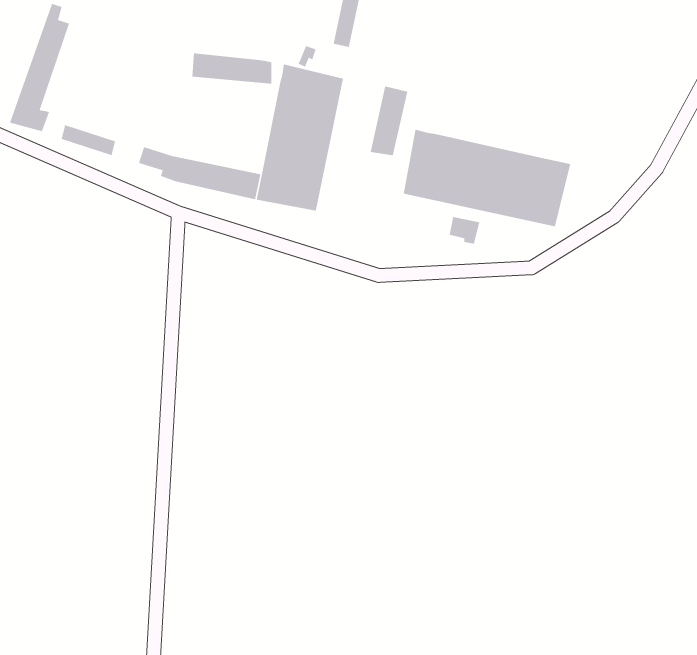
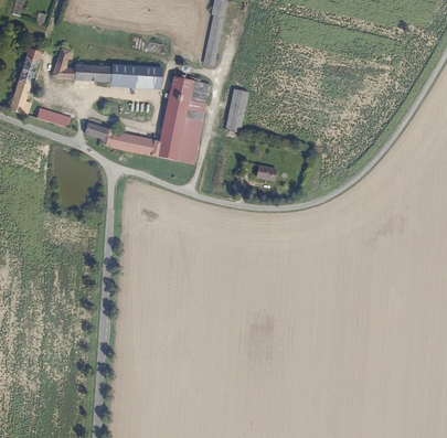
building: none -> [58,47,118,82]
building: [403,129,571,227] -> none

